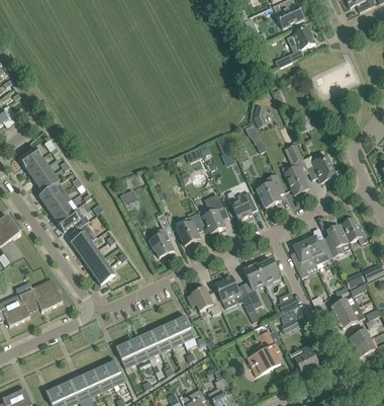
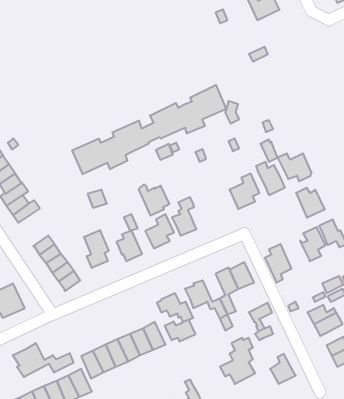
building: [287,27,315,53] -> none
building: none -> [72,85,226,174]
building: [227,190,257,220] -> [139,185,169,216]
building: [57,208,89,231] -> none
building: none -> [84,230,109,268]
building: [305,236,332,264] -> [296,188,325,218]
building: none -> [165,320,195,342]
building: none -> [13,343,73,377]

